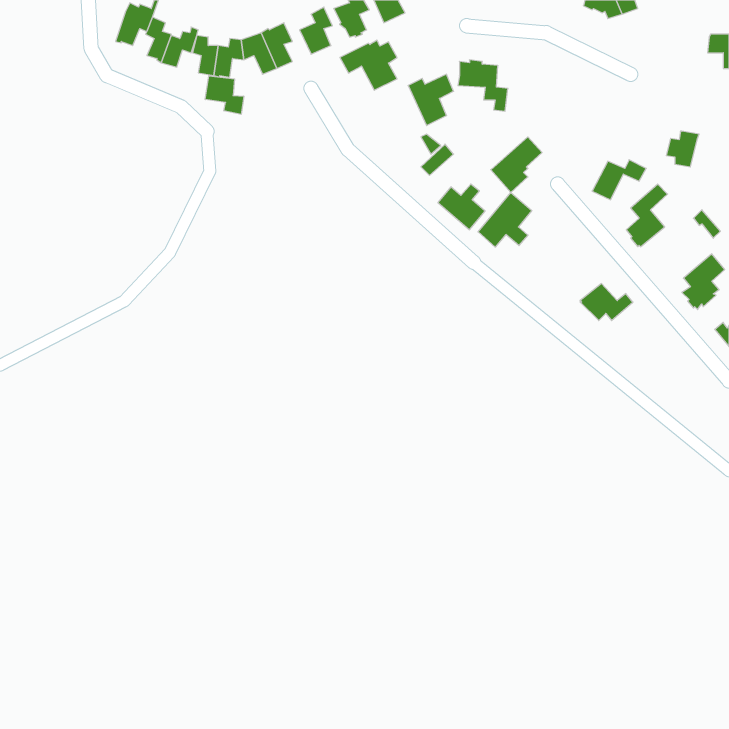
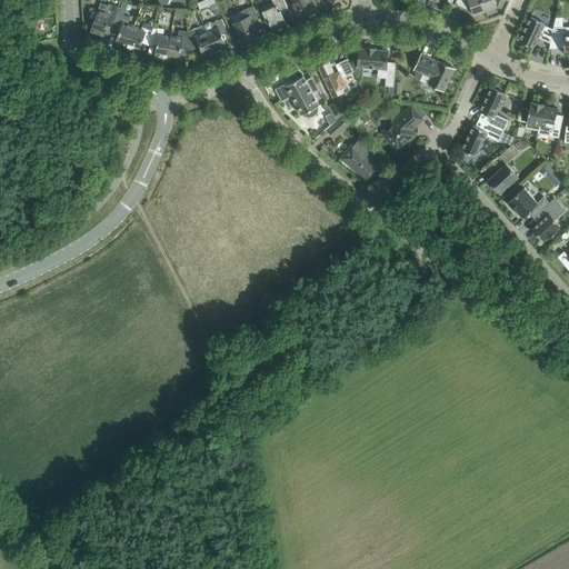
building: none -> [519,17,552,48]
building: [340,40,397,90] -> [274,76,319,114]
building: none -> [413,53,455,91]
building: [205,76,244,114] -> none
building: none -> [480,87,508,131]
building: none -> [538,108,563,137]
building: [478,193,532,247] -> none
building: [580,284,633,321] -> [508,188,549,217]

